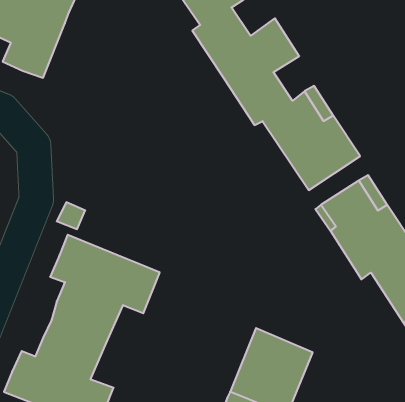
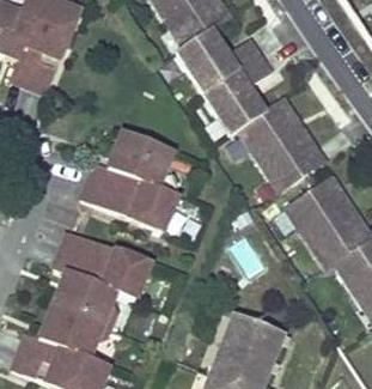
building: none -> [80,130,177,230]

